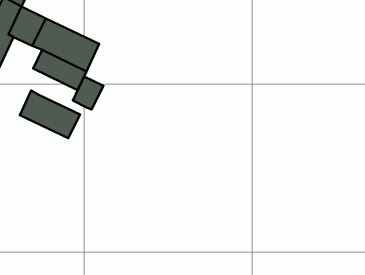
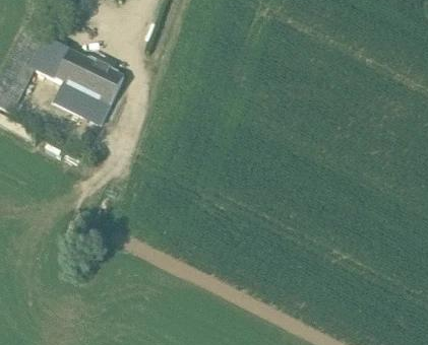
building: [73,76,103,109] -> none
building: [20,90,80,138] -> none

